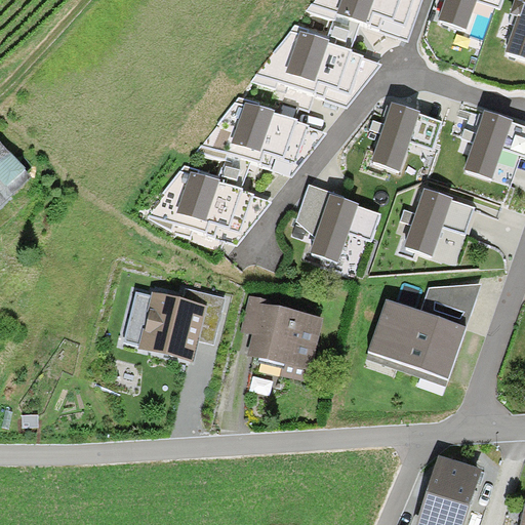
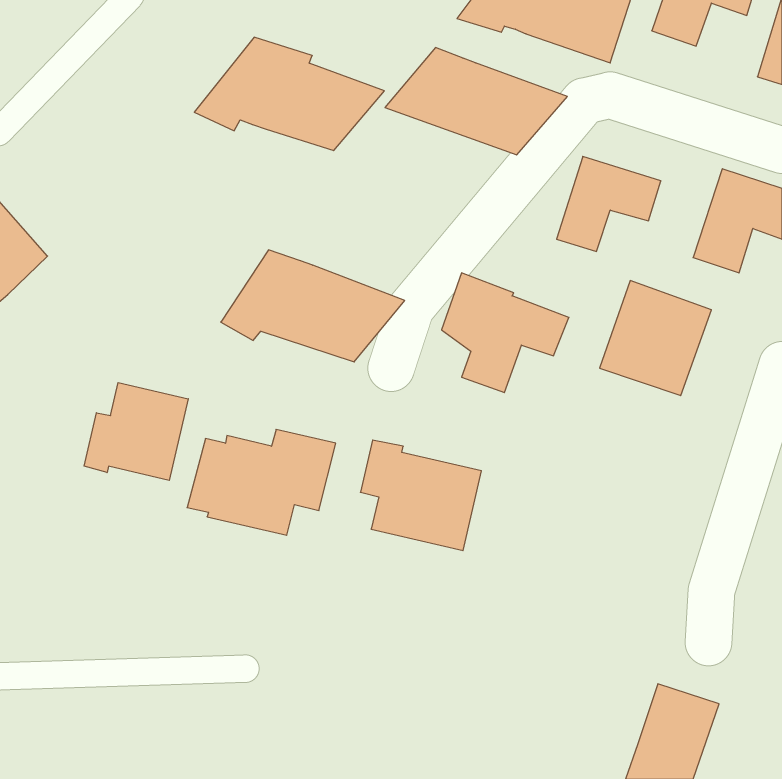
building: [198,96,325,172] -> [194,37,384,151]
building: none -> [84,383,188,480]
building: [367,283,480,377] -> none

